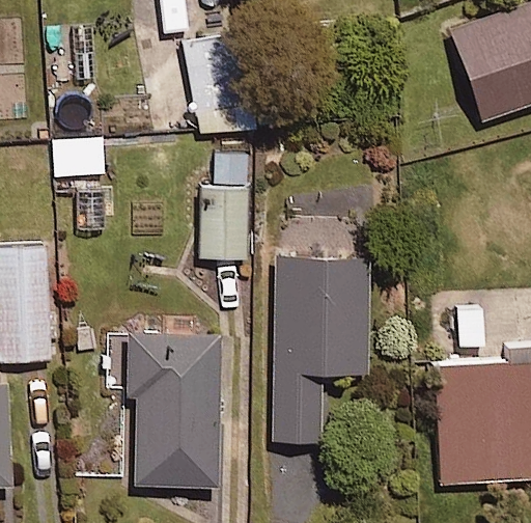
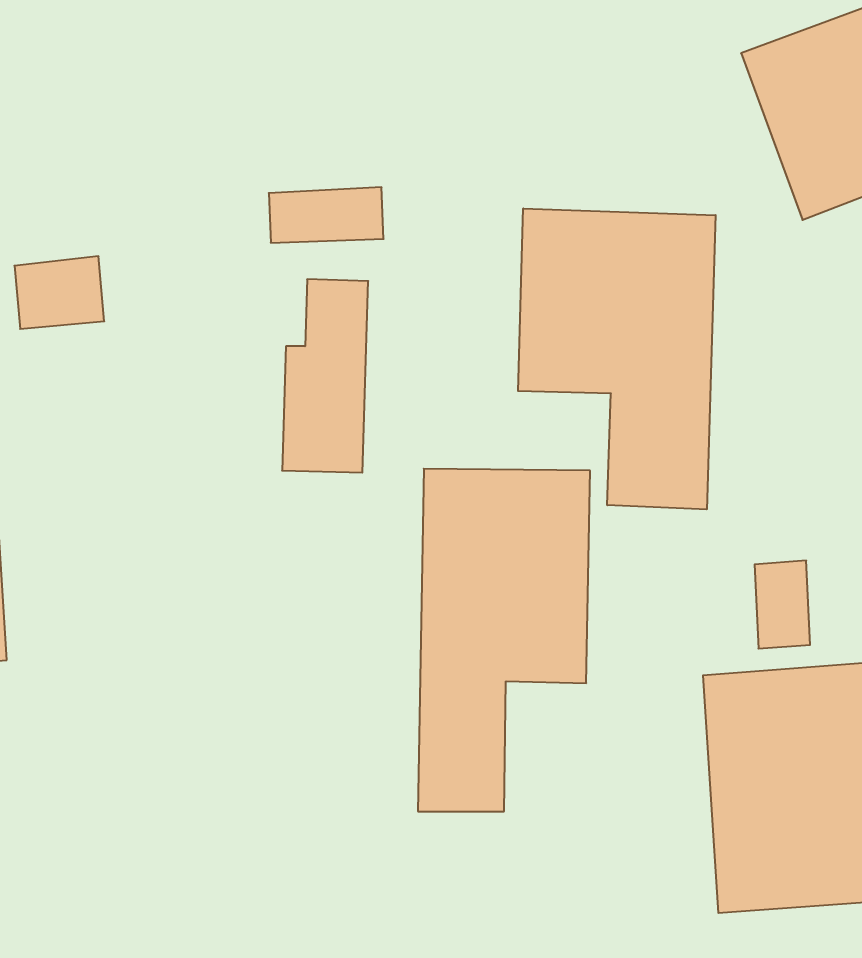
building: none -> [518,208,716,509]
building: [128,332,218,486] -> none

